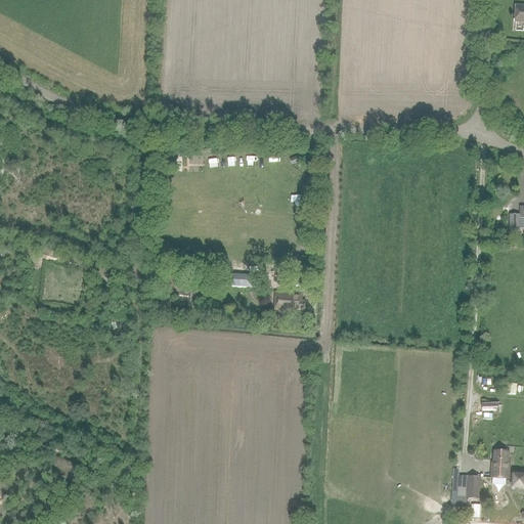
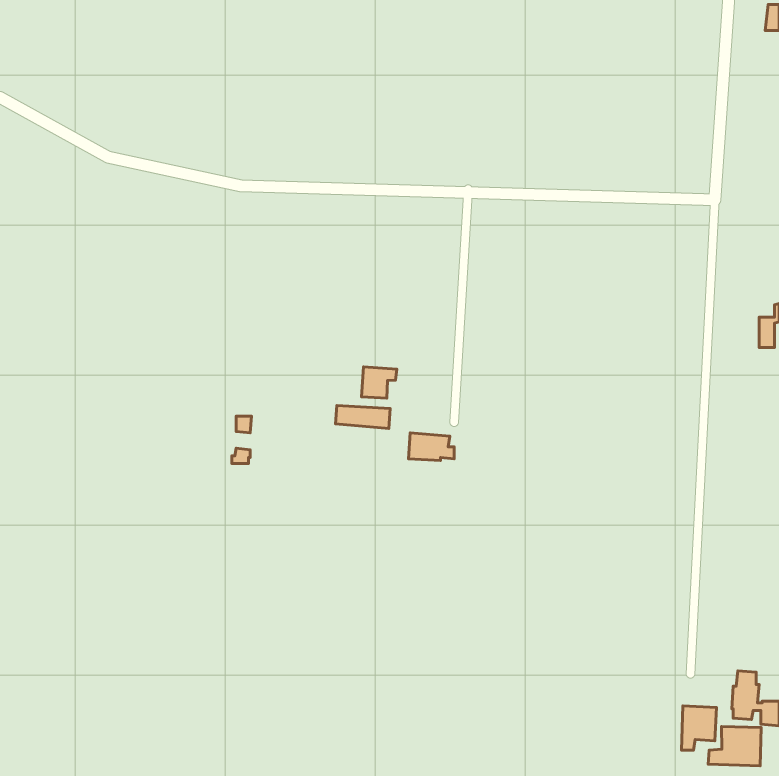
building: none -> [361,367,397,398]
building: none -> [708,726,761,766]

